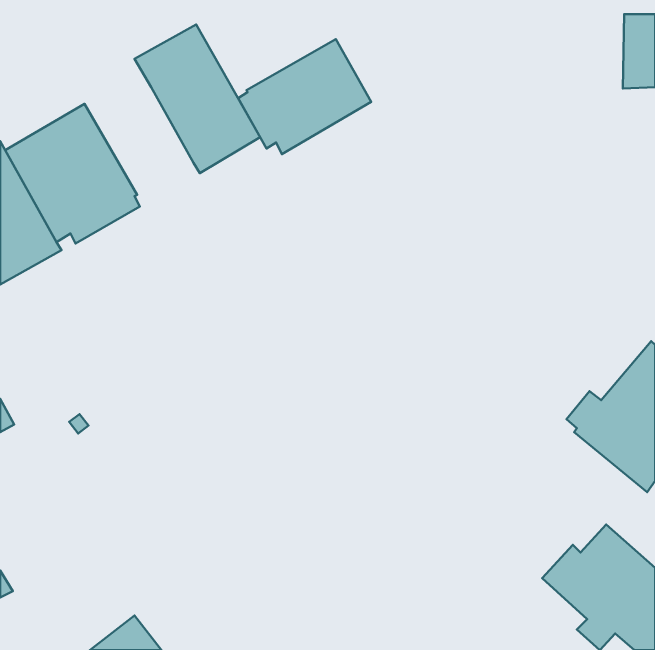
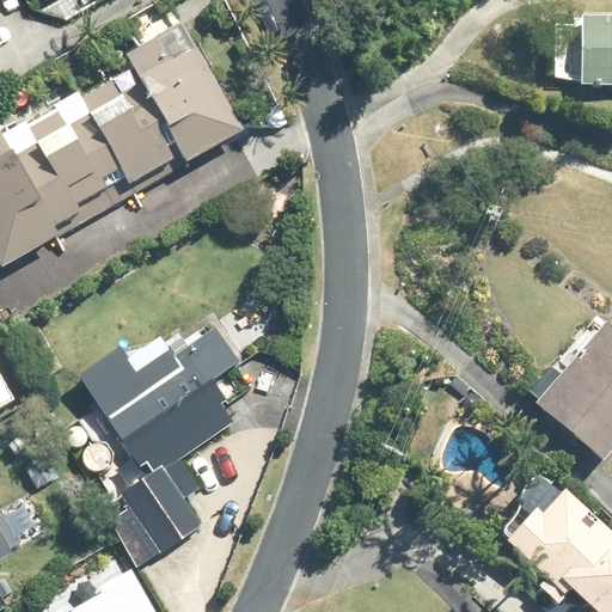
building: [238,39,371,154] -> none
building: none -> [79,80,180,182]
building: none -> [76,325,240,567]

